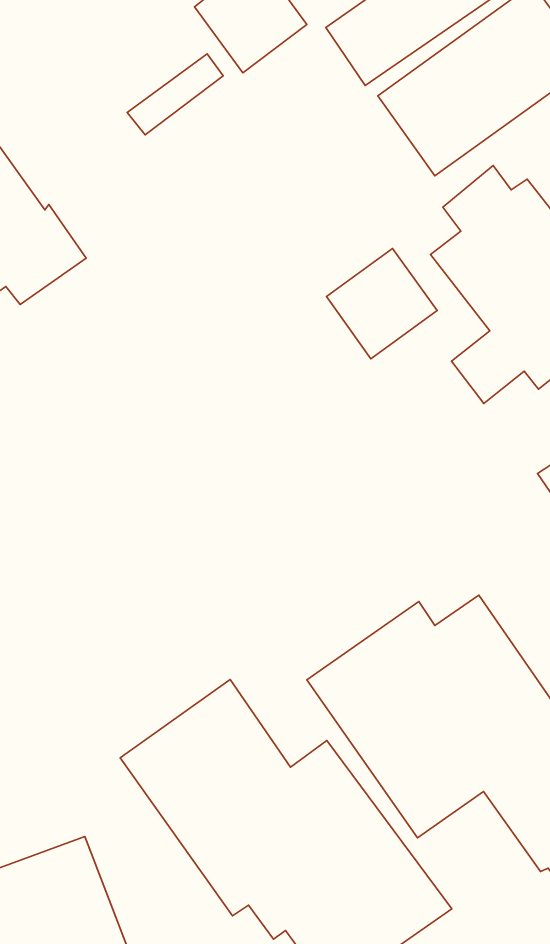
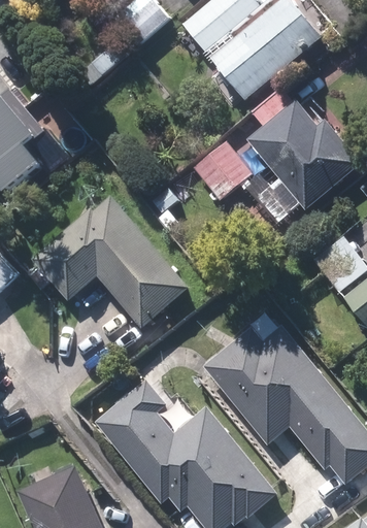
building: none -> [30,195,191,325]

